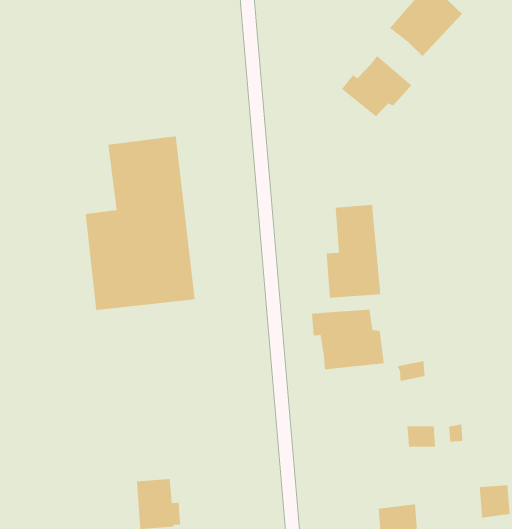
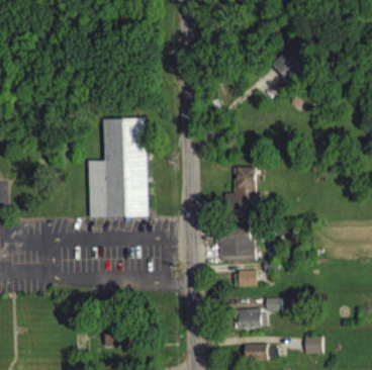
building: [341,55,412,117] -> none
building: none -> [234,269,258,286]
building: none -> [238,309,267,328]

